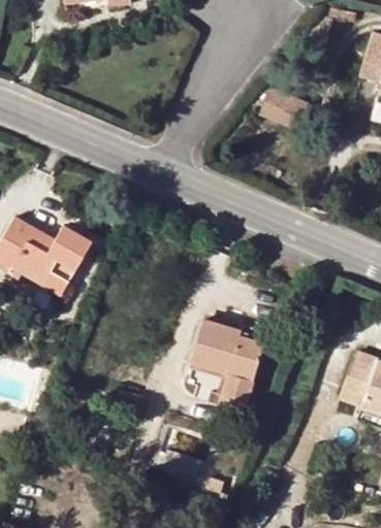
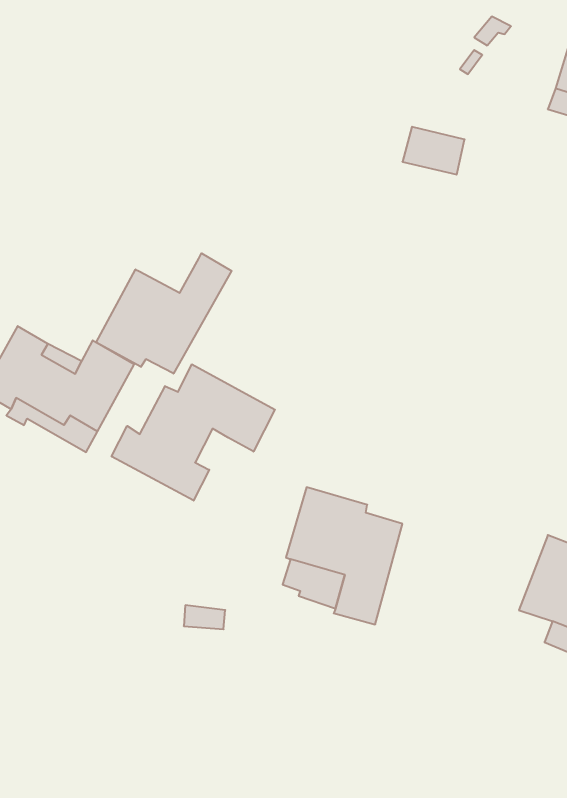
building: none -> [96,253,232,374]
building: none -> [112,364,275,501]

